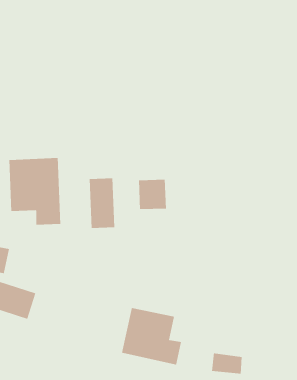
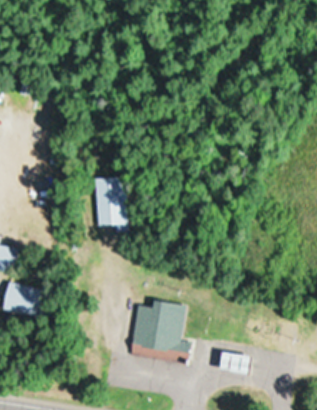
building: [9,157,61,226] -> none
building: [138,179,167,210] -> none

